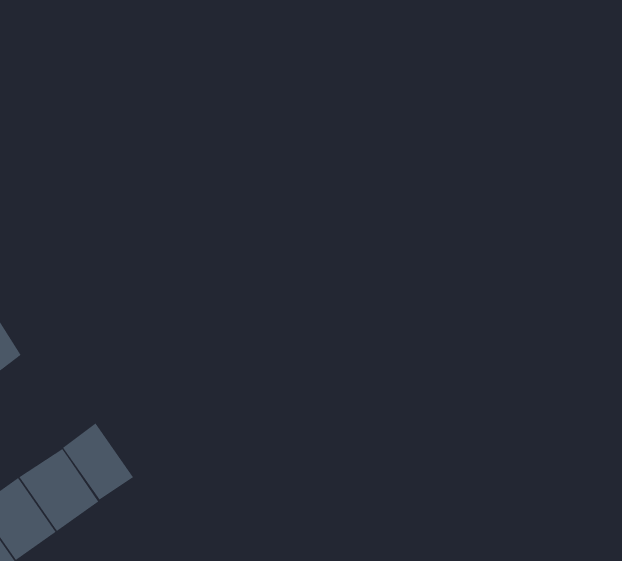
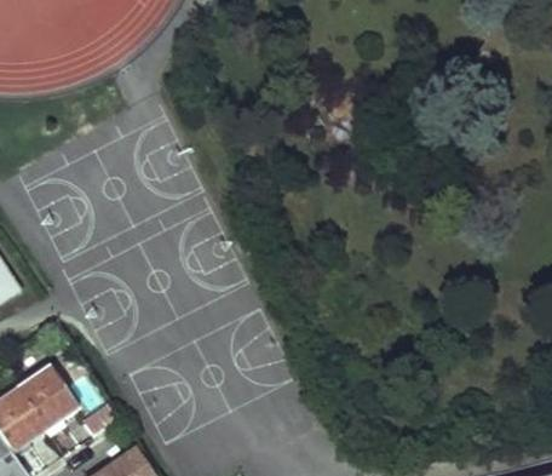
building: [62,422,134,501] -> none

